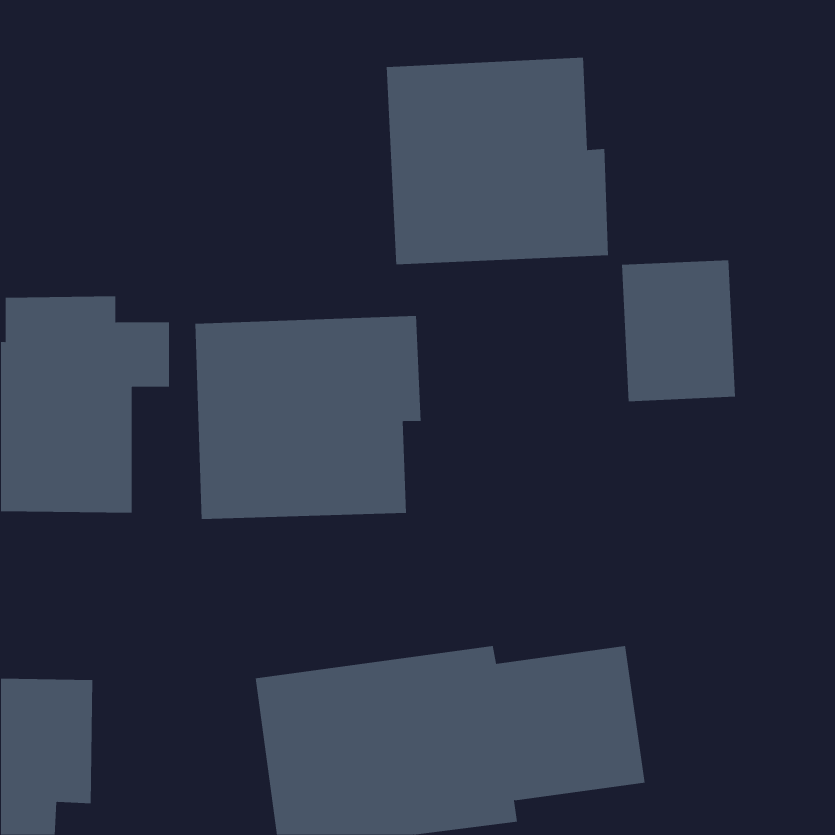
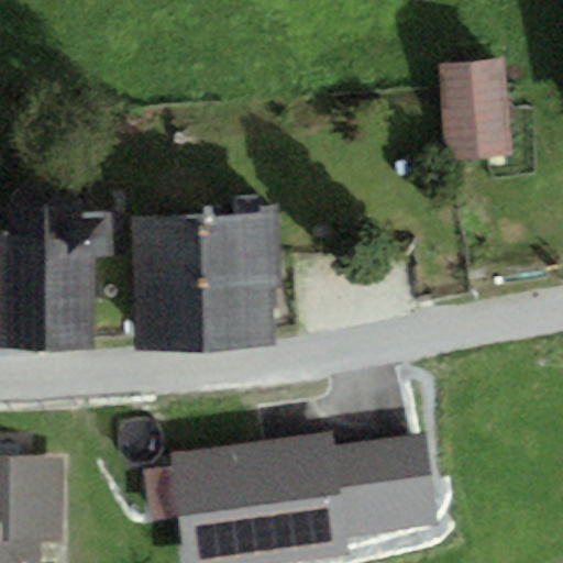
building: [386,57,609,265] -> none
building: [621,260,736,402] -> [440,62,517,157]

